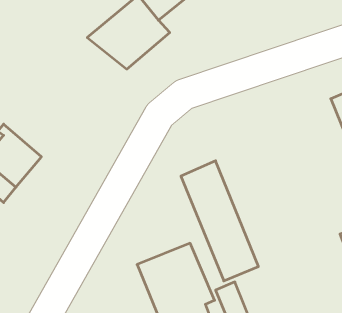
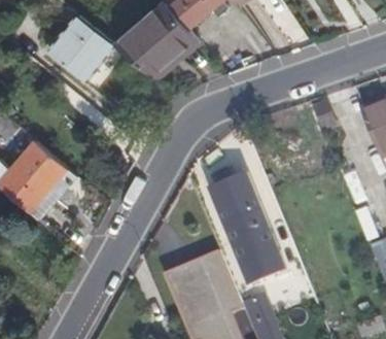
building: none -> [47,14,113,80]

